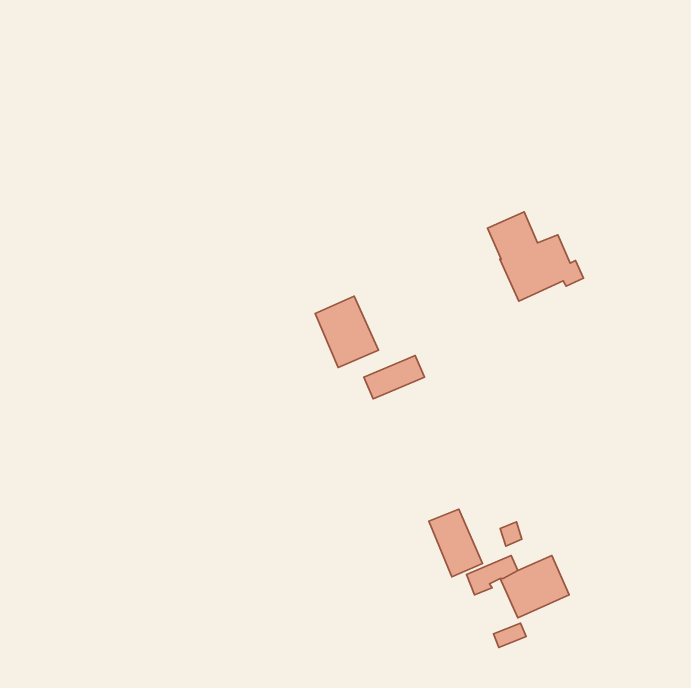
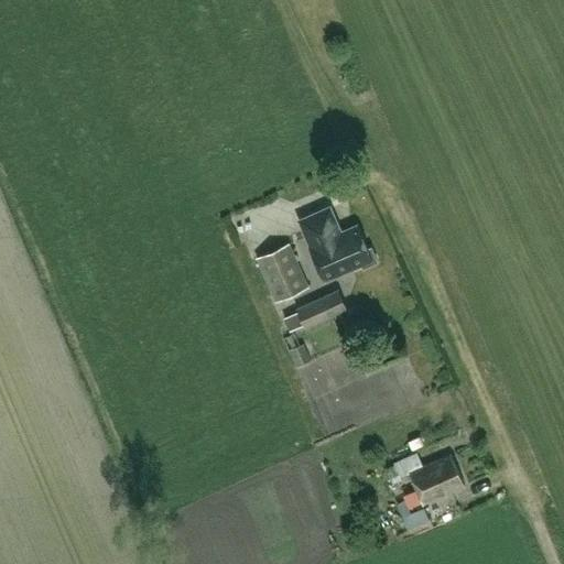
building: [488,212,584,301] -> [300,209,378,282]
building: [429,509,482,577] -> none

